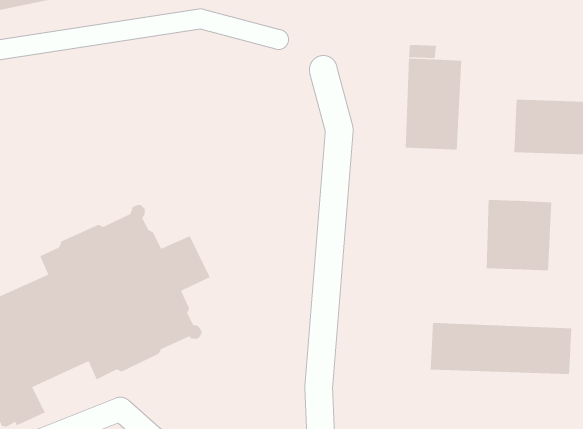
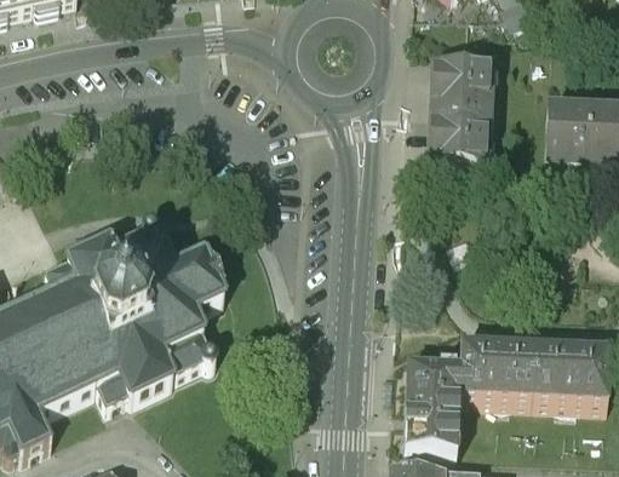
building: [486,199,552,271] -> none
building: none -> [403,367,458,453]

